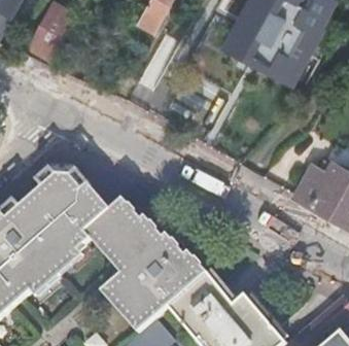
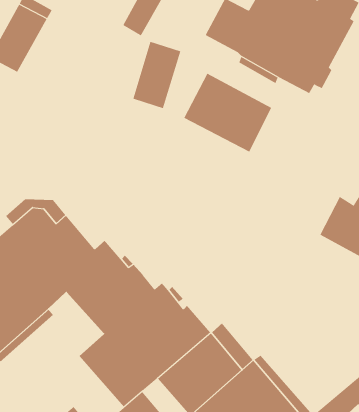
building: none -> [184,73,272,152]

